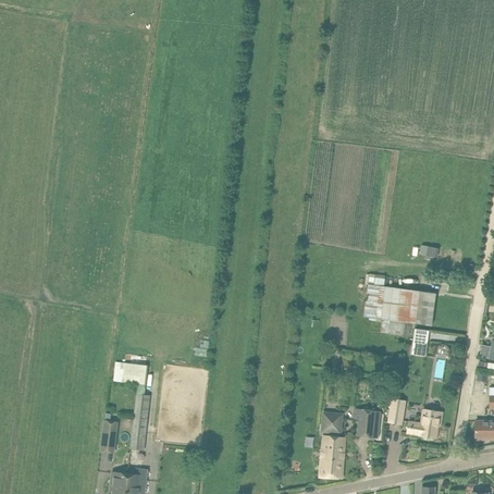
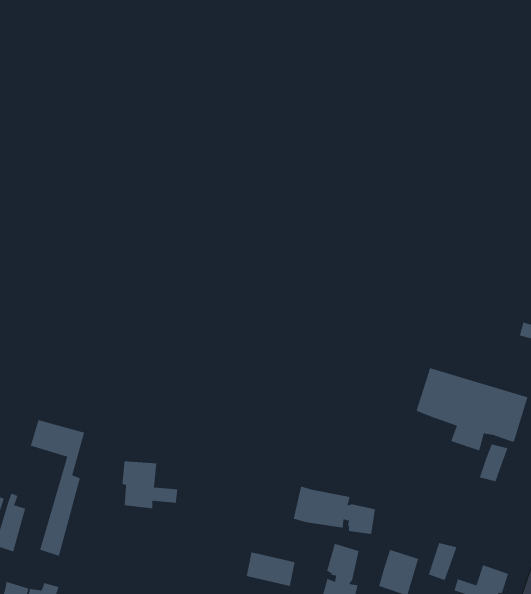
building: none -> [293,485,376,535]
building: none -> [122,461,178,509]
building: none -> [246,552,296,587]

